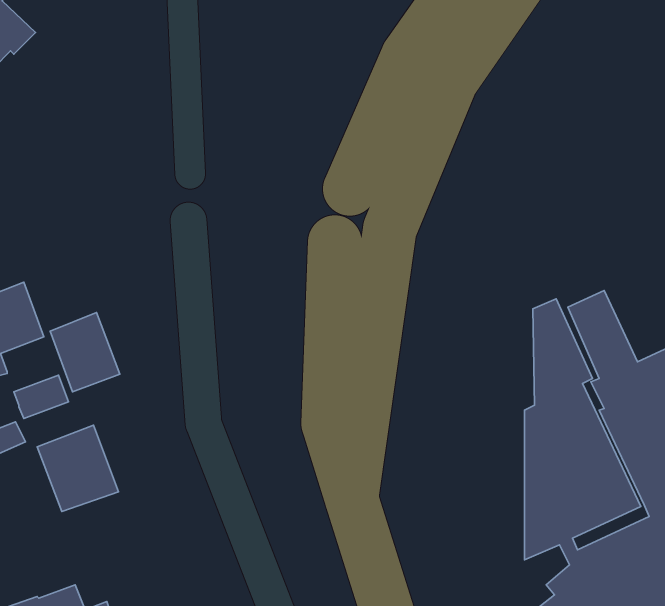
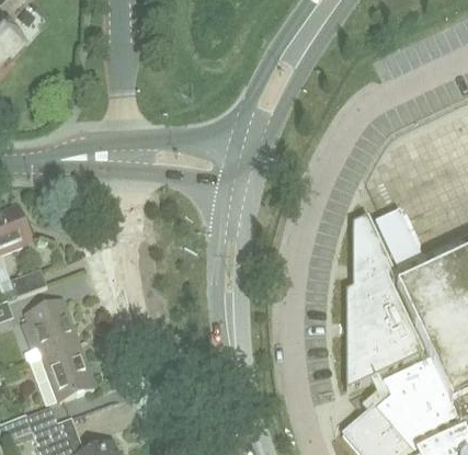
building: [50,312,120,392] -> none
building: none -> [43,345,95,401]

